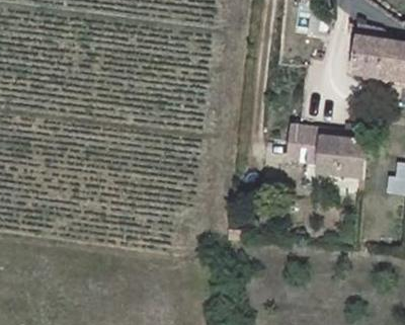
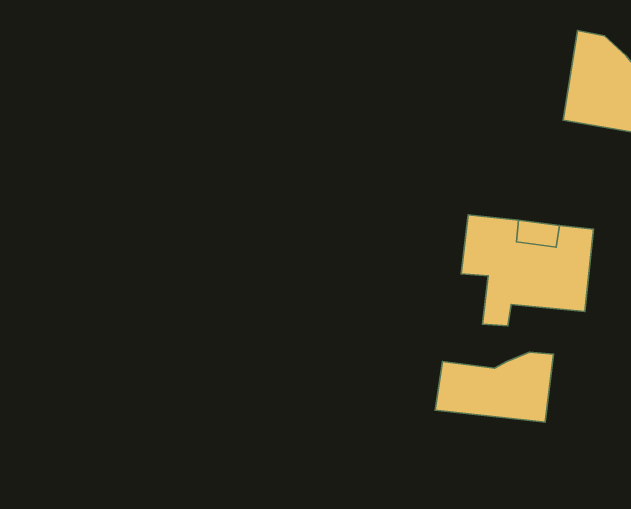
building: none -> [435,352,554,422]

